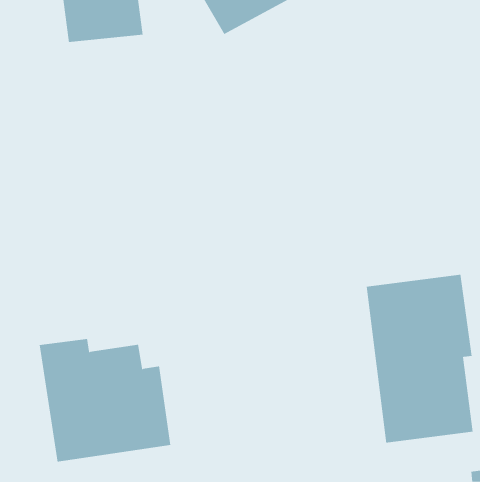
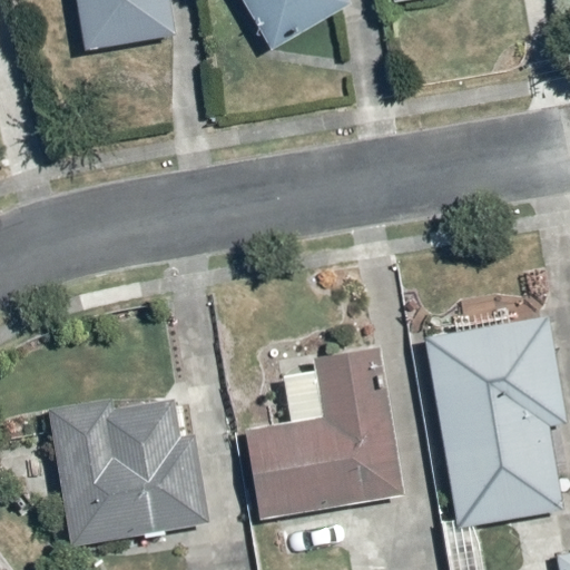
building: none -> [247,345,400,519]

